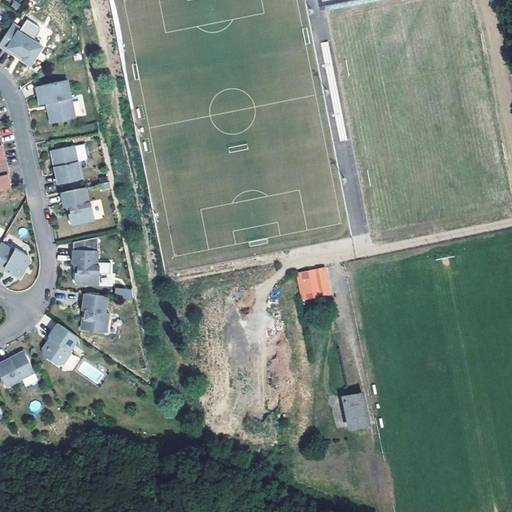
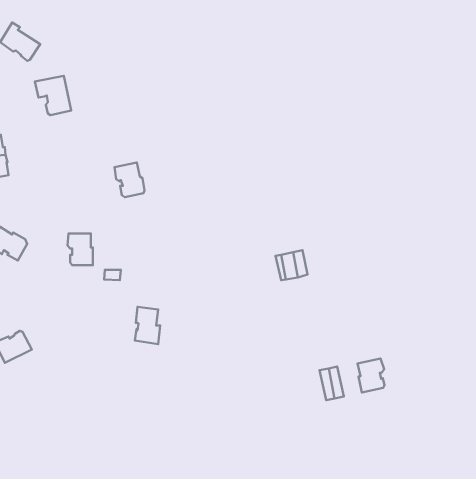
building: [51,146,81,184] -> none
building: [61,188,93,225] -> [114,162,144,197]
building: [81,293,108,333] -> [135,307,160,344]
building: [42,324,78,366] -> none
building: none -> [358,359,384,393]

